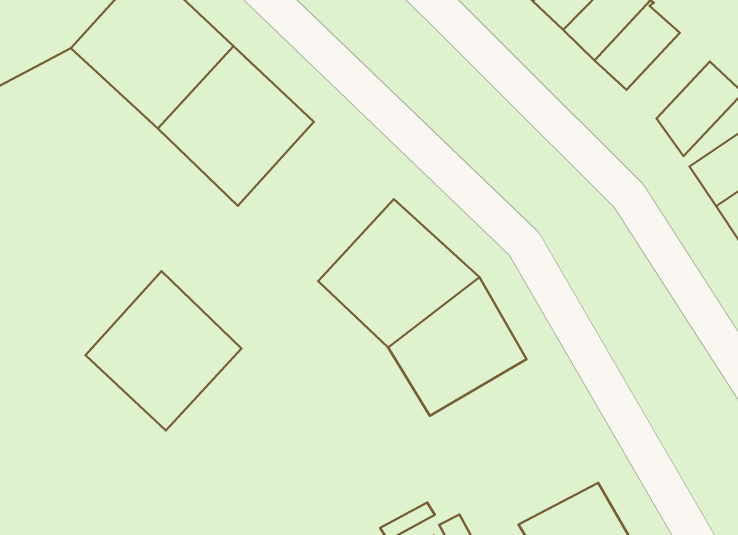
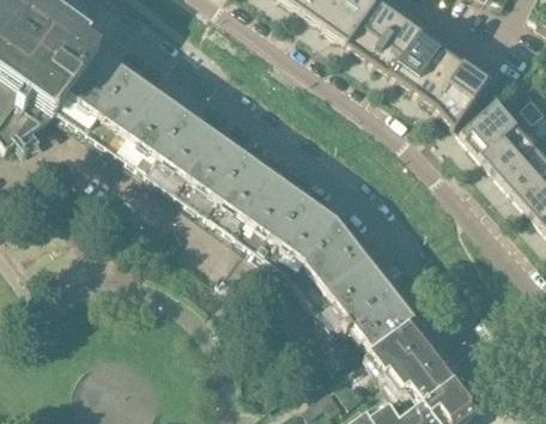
building: none -> [415,43,466,99]
building: [86,271,242,431] -> [180,132,278,232]
building: none -> [320,264,432,369]

